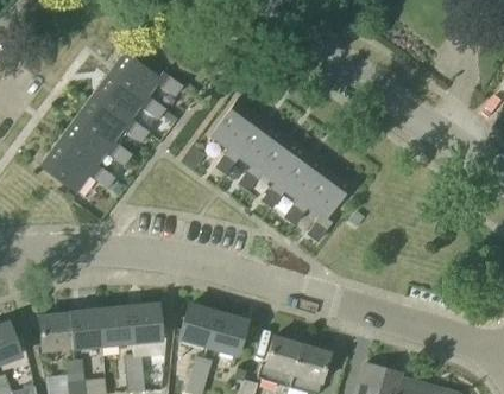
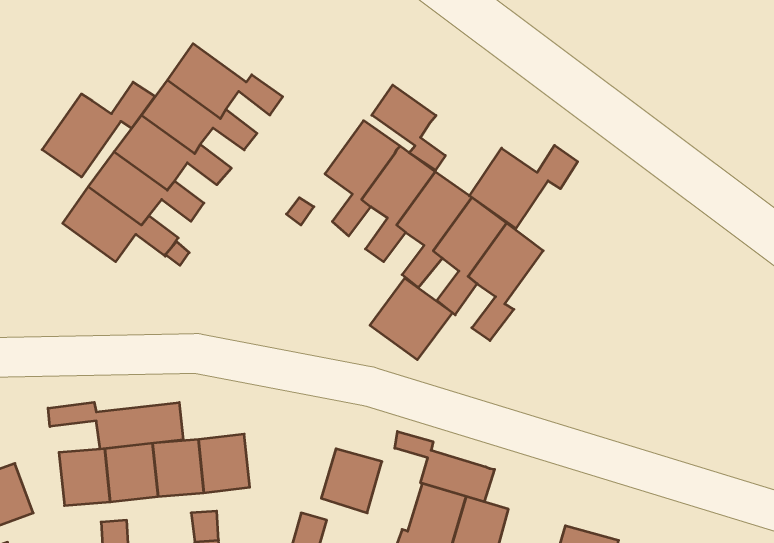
building: none -> [42,82,155,177]
building: none -> [372,85,445,170]
building: none -> [469,145,578,229]
building: none -> [370,278,452,360]
building: none -> [48,402,183,449]
building: none -> [395,431,495,502]
building: [179,304,219,345] -> none

